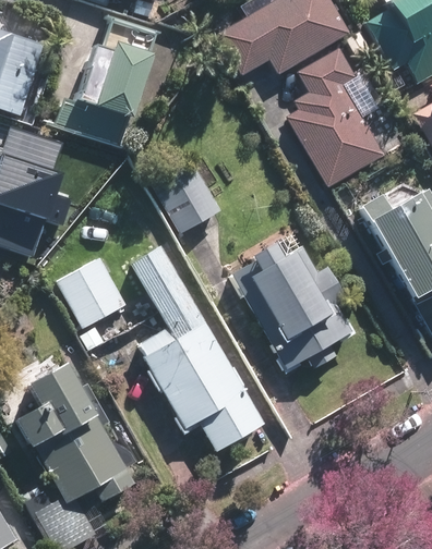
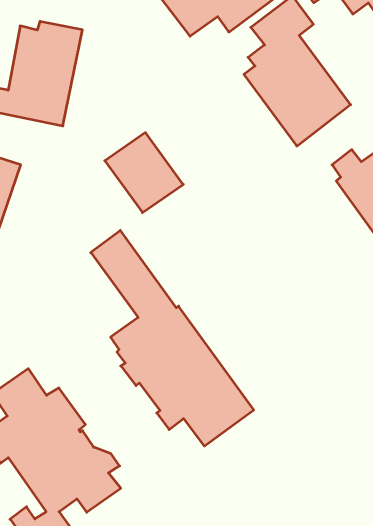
building: [232,245,357,374] -> none
building: [60,255,129,327] -> none

